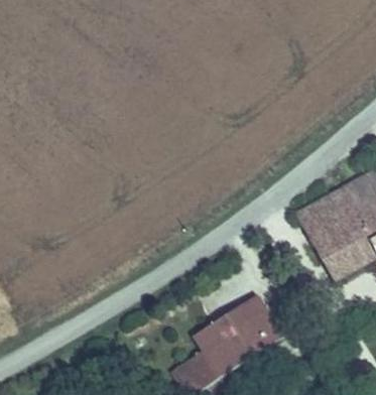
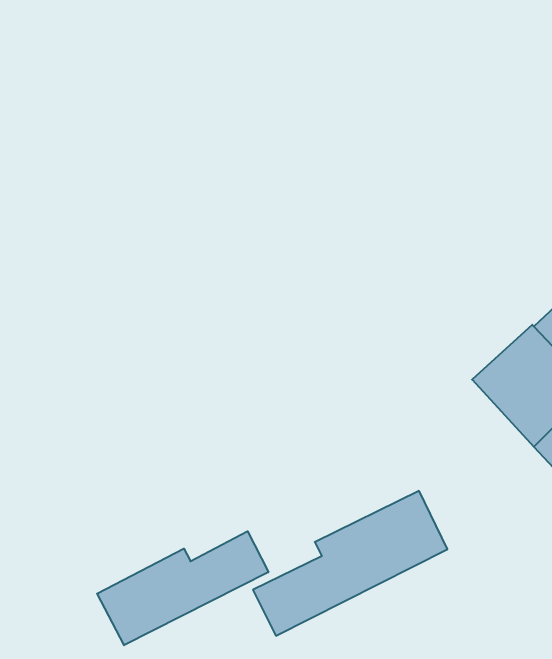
building: none -> [97,531,268,645]

